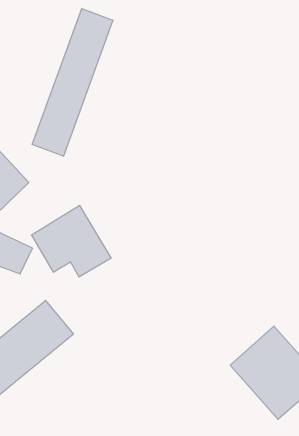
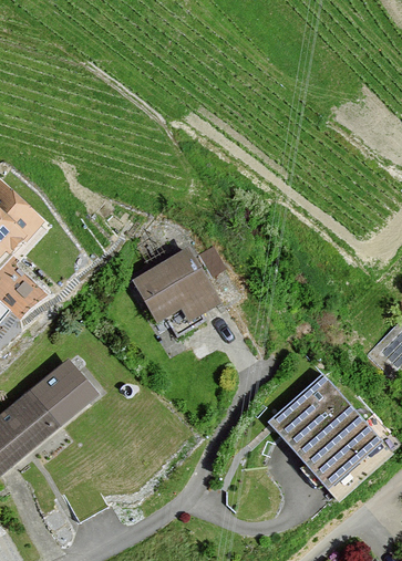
building: [32,8,113,156] -> none
building: [31,206,111,277] -> [137,252,230,335]

